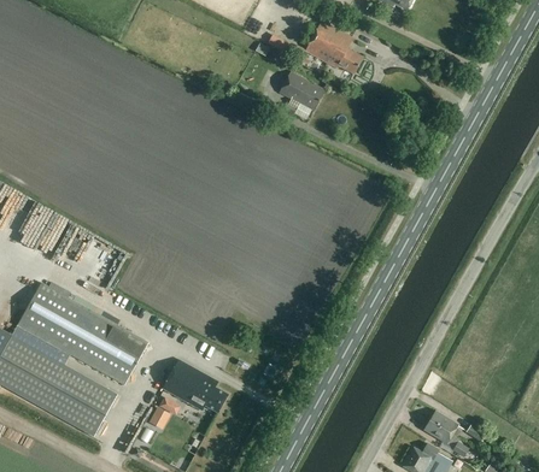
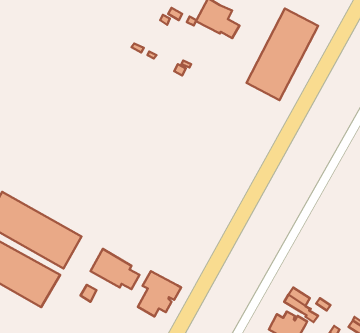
building: none -> [246,9,318,100]
building: [277,71,324,111] -> none
building: none -> [138,271,181,316]

